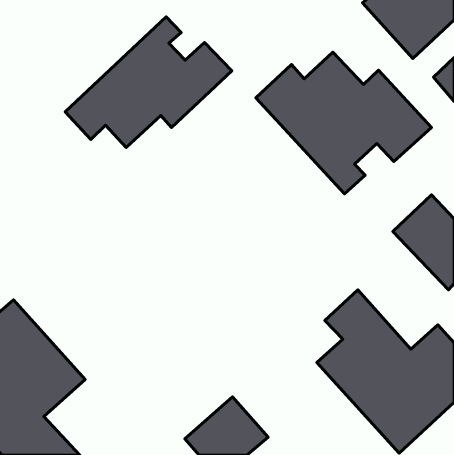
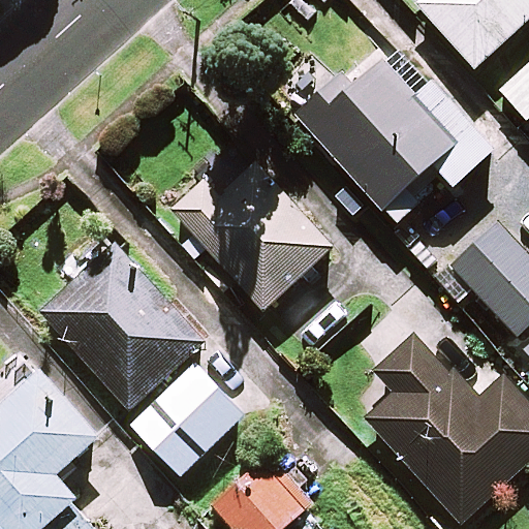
building: [65,17,232,148] -> none
building: none -> [166,144,331,310]
building: none -> [40,246,244,475]

